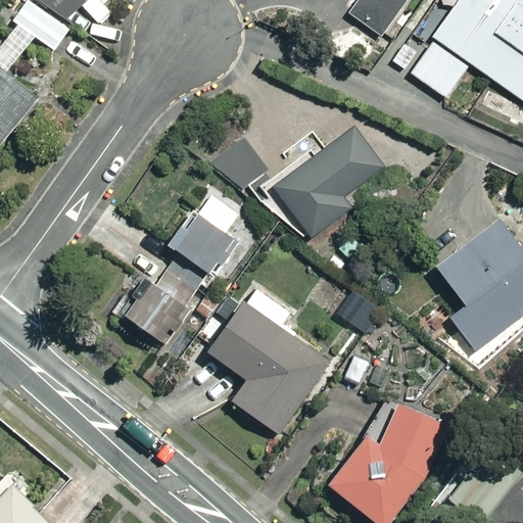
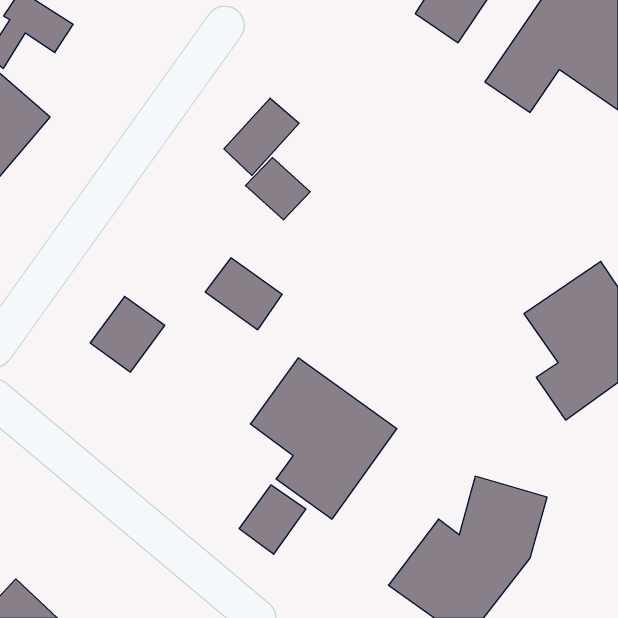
building: none -> [224,98,299,175]
building: [269,129,379,243] -> none
building: [126,282,188,345] -> [90,296,165,372]
building: none -> [239,485,306,554]

